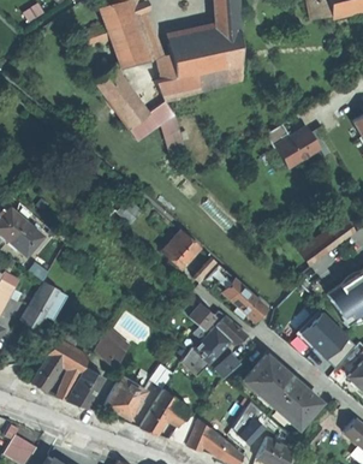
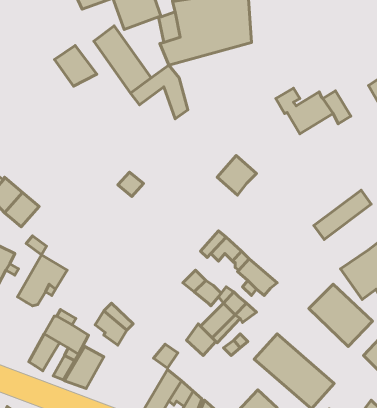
building: none -> [55,45,97,86]
building: [162,231,200,268] -> [217,156,257,195]
building: [106,377,145,418] -> none

